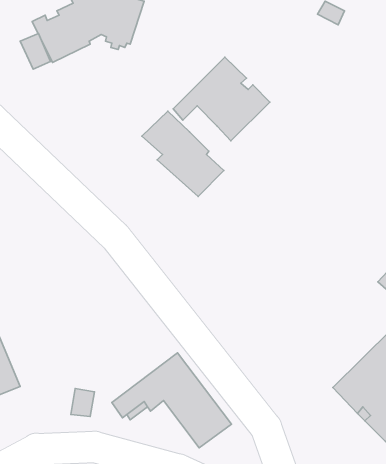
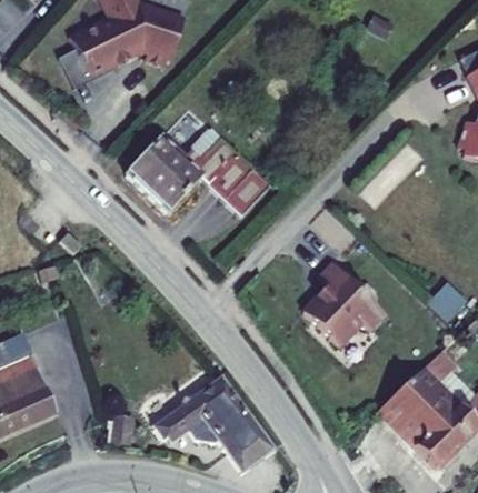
building: [173,57,270,141] -> none
building: none -> [126,134,205,212]
building: none -> [302,265,387,351]

